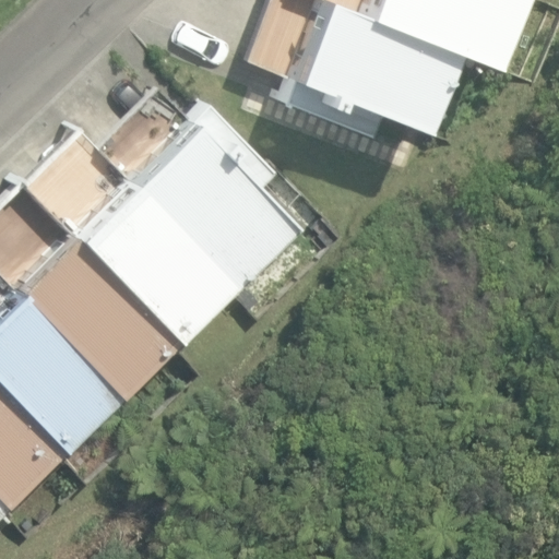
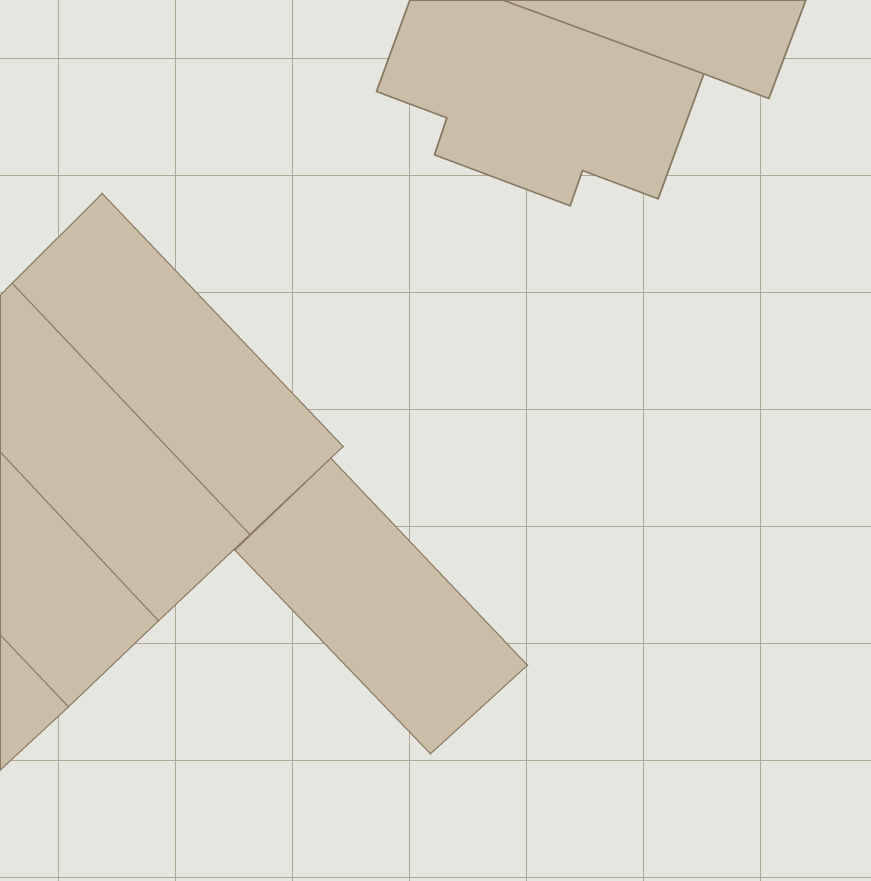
building: [102,95,292,288] -> none
building: none -> [235,458,528,754]

